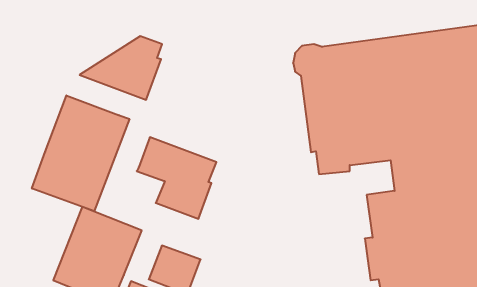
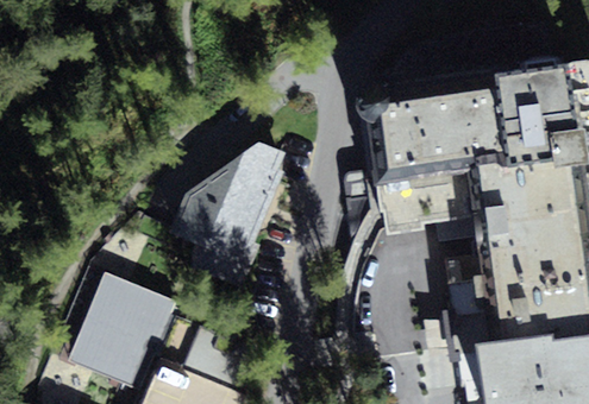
building: [80,36,162,100] -> [186,143,284,219]
building: [32,95,129,211] -> none

